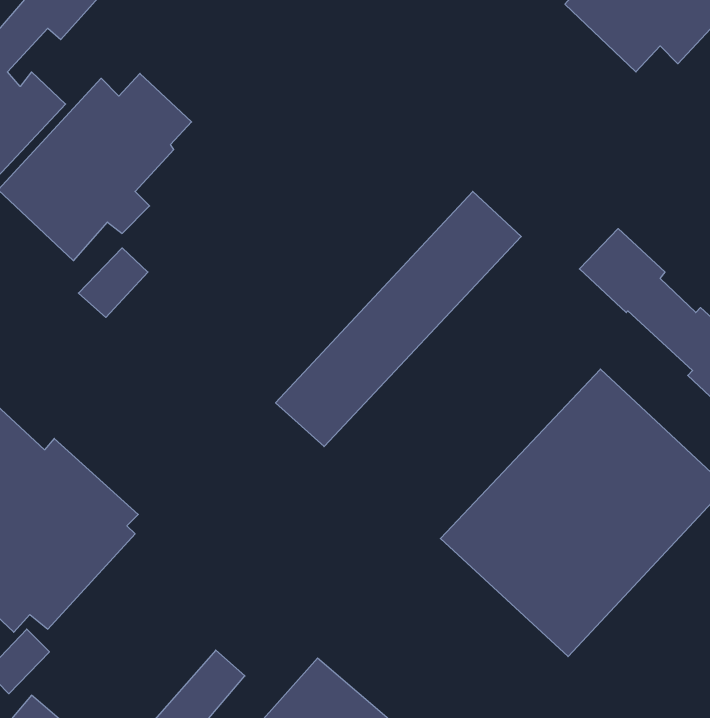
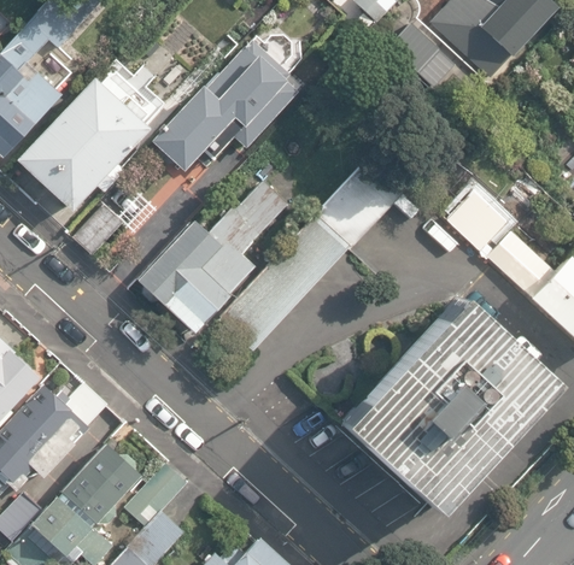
building: none -> [147,42,293,173]
building: none -> [135,179,288,336]
building: none -> [40,429,162,551]

